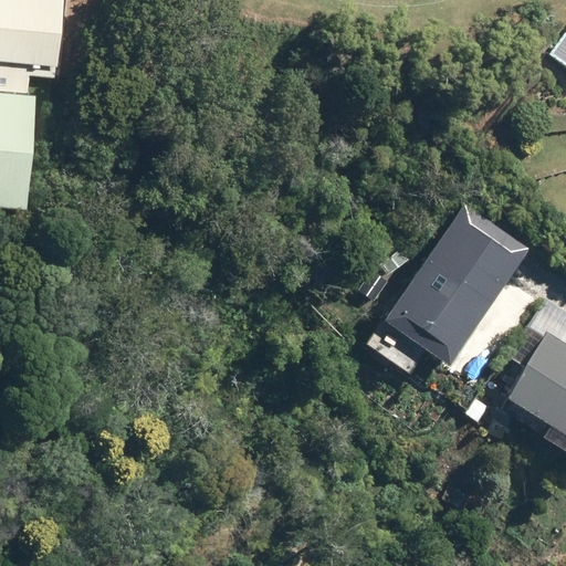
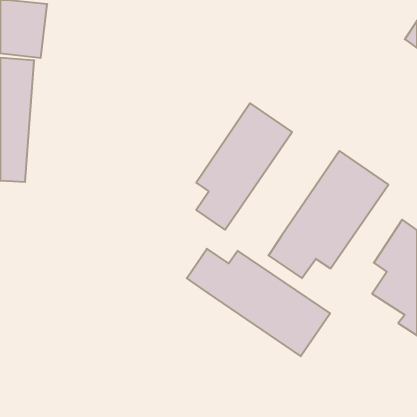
building: none -> [196,103,292,230]
building: none -> [187,249,330,356]

